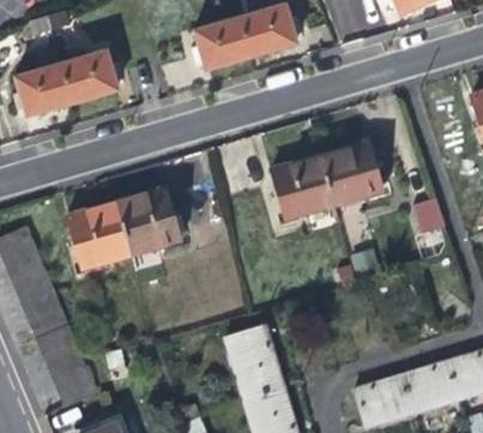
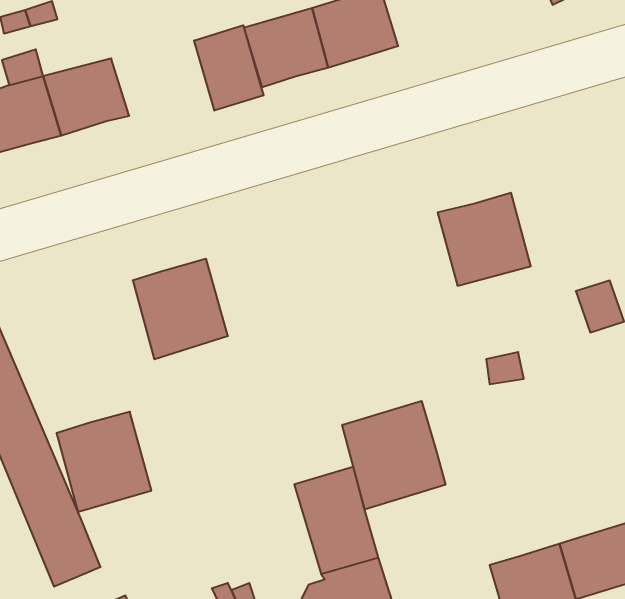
building: none -> [194,25,264,111]
building: [273,155,334,217] -> none
building: [68,200,132,267] -> [56,412,151,512]
building: none -> [342,401,445,509]

